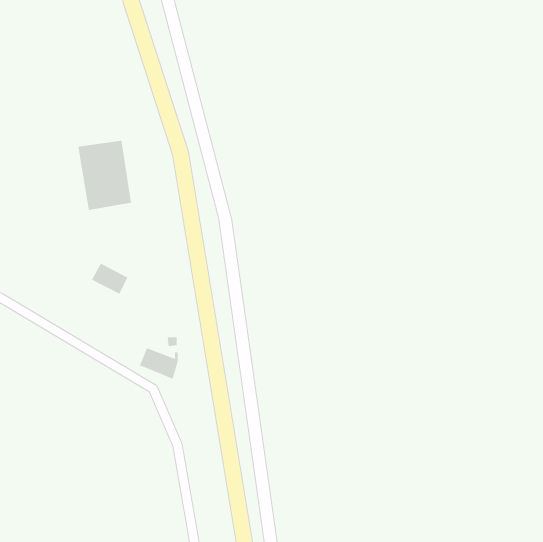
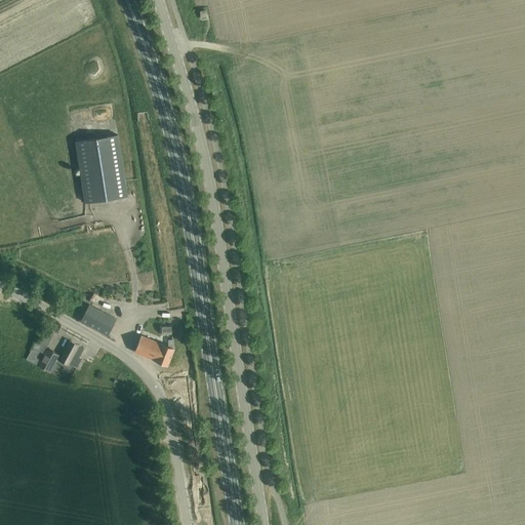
building: [91,263,128,295] -> [79,305,115,335]
building: none -> [36,340,82,372]

